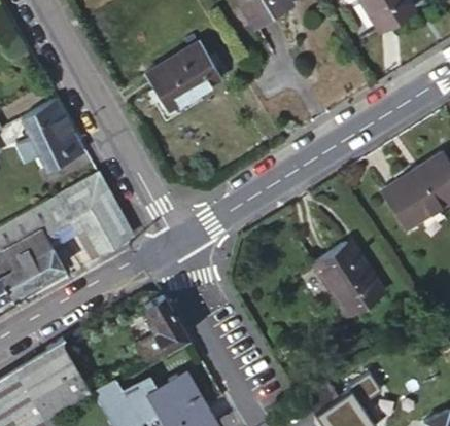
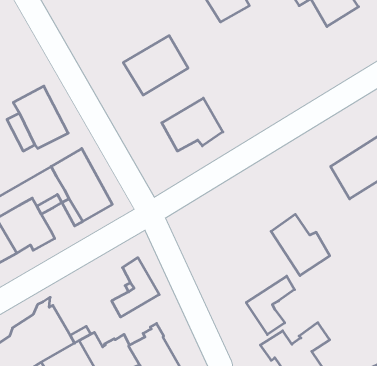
building: none -> [162,98,223,151]
building: none -> [246,276,295,335]

